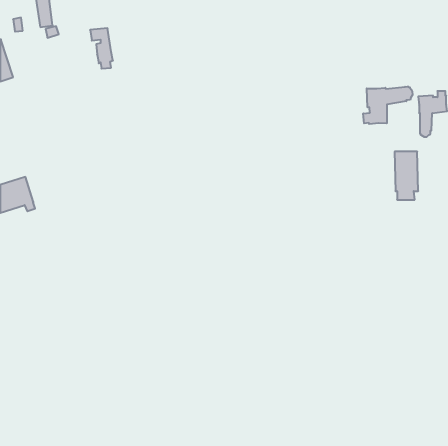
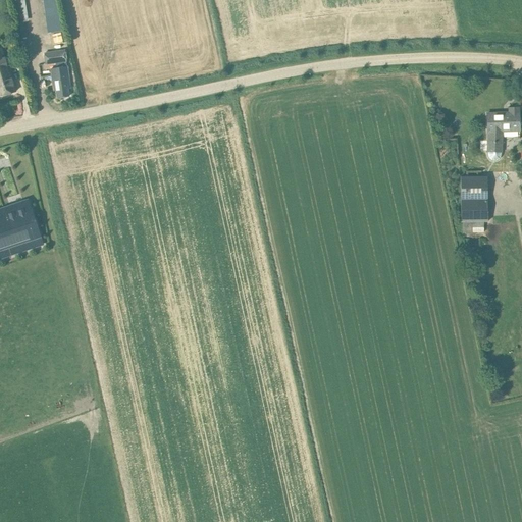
building: [90,28,113,69] -> [44,49,70,96]
building: [363,86,413,124] -> none

